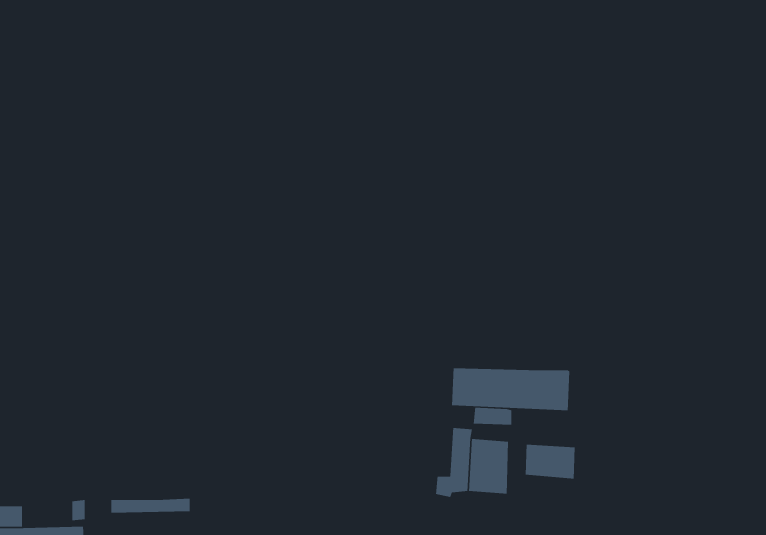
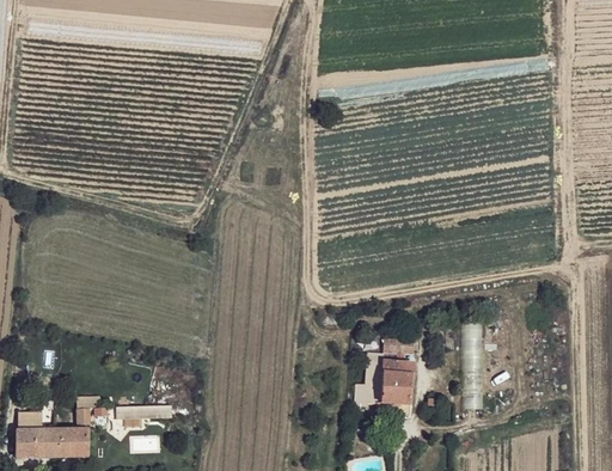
building: [451,368,570,411] -> none
building: [525,444,576,479] -> none

